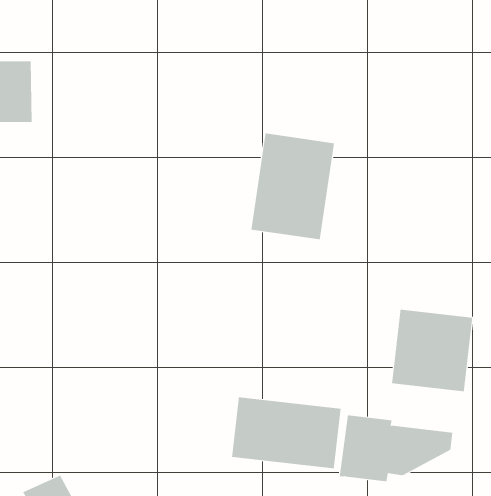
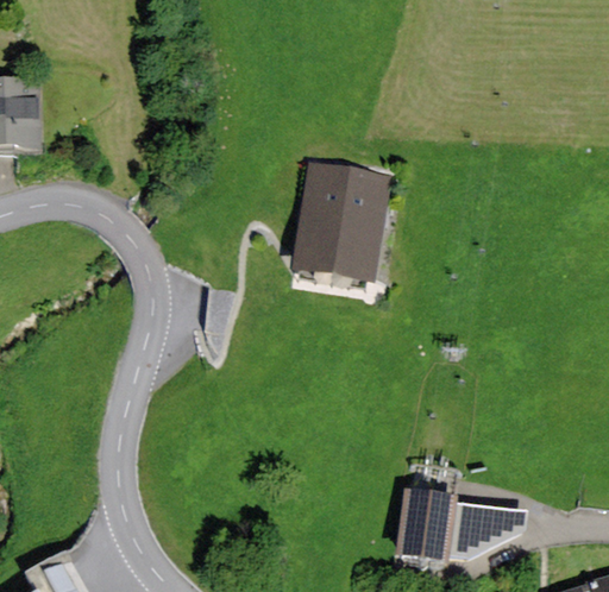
building: [392,309,473,392] -> none
building: [232,396,341,469] -> none

